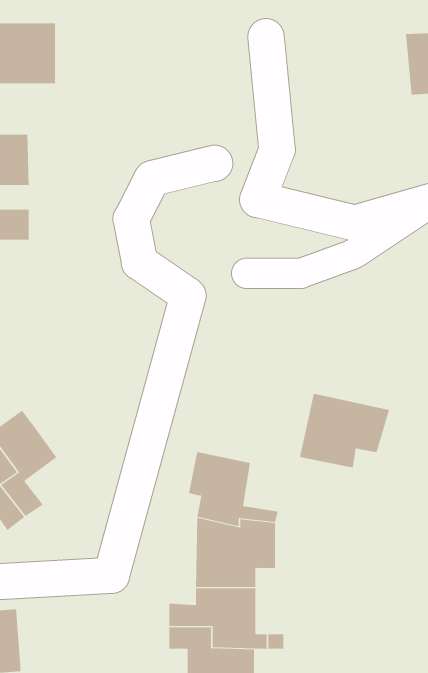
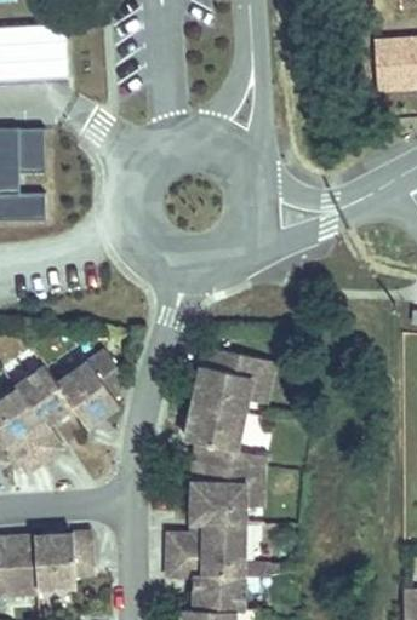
building: none -> [53,348,124,423]
building: [299,393,390,468] -> [192,345,270,411]
building: none -> [35,532,96,587]

